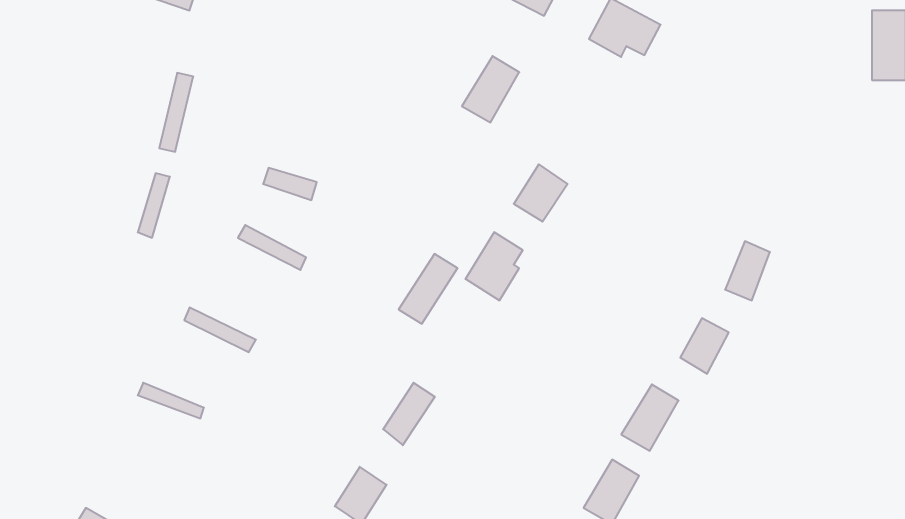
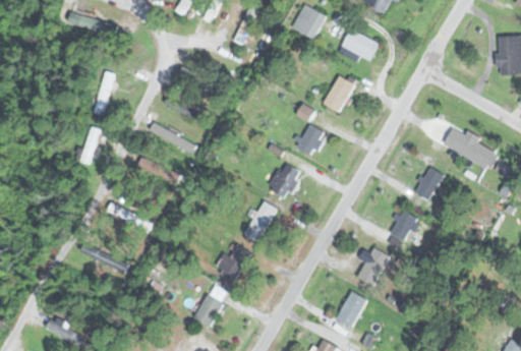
building: [462,56,519,122] -> [322,74,354,112]
building: none -> [444,127,495,168]
building: [399,254,458,324] -> [243,201,277,241]

